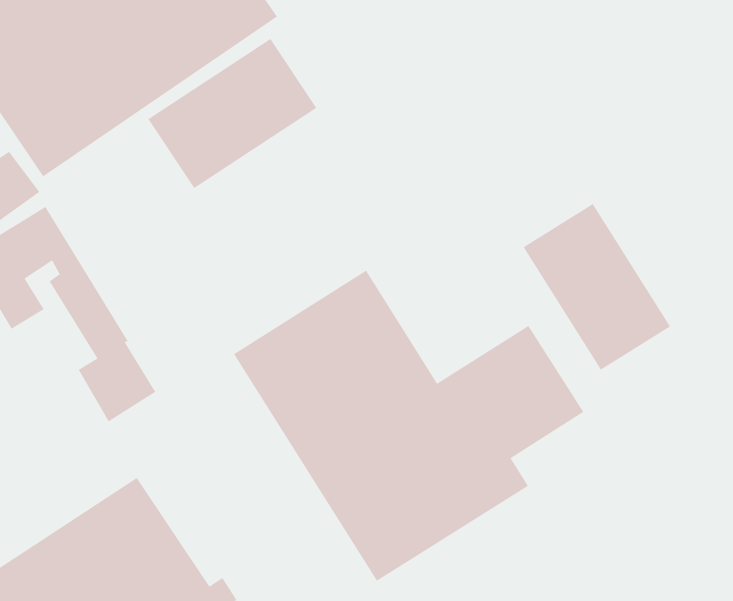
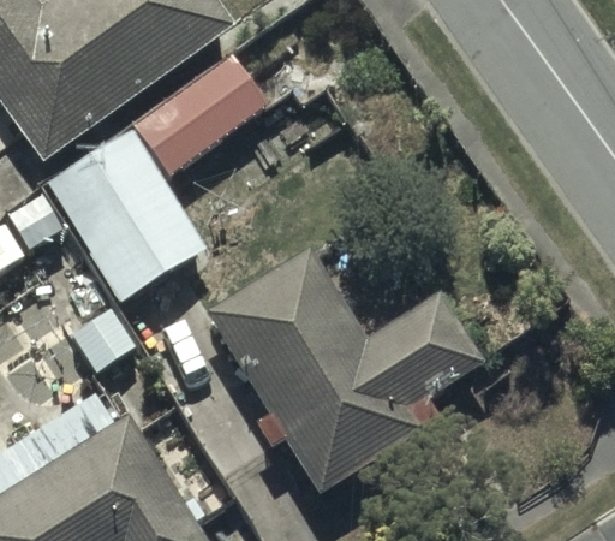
building: none -> [47,131,203,302]
building: [523,203,671,371] -> none

